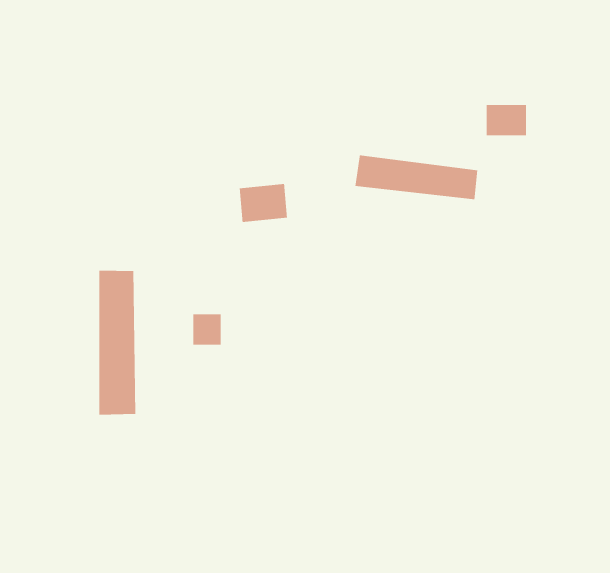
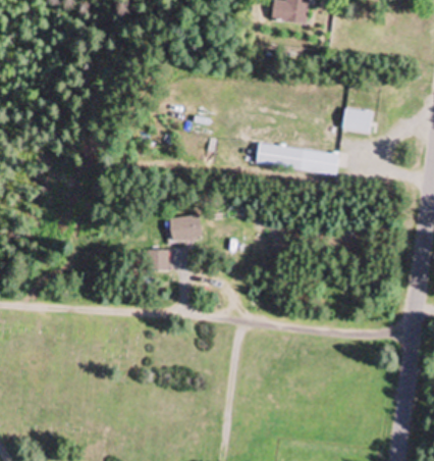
building: [239,183,288,223] -> [169,213,202,240]
building: [98,270,136,415] -> none

